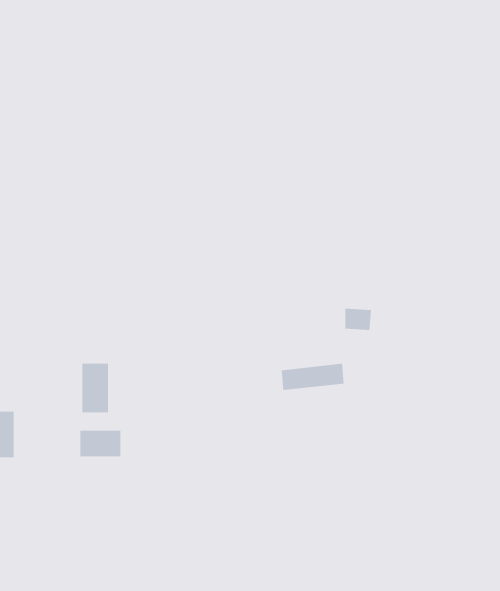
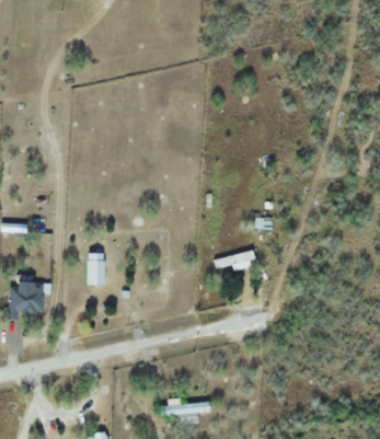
building: [80,430,121,457] -> none

